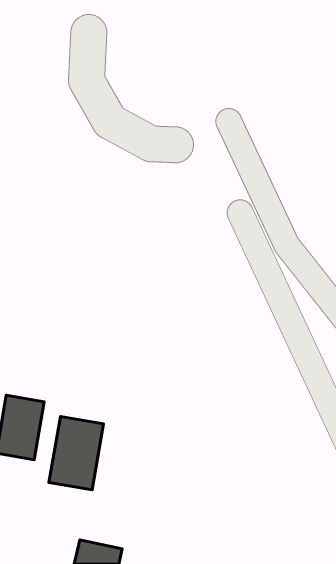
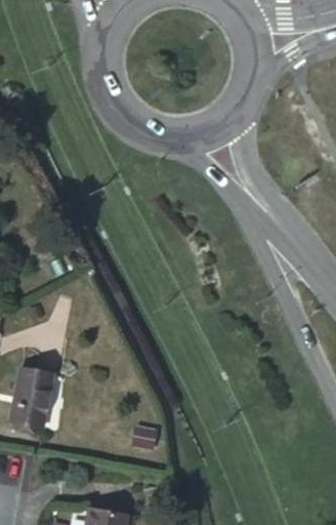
building: [49,416,104,490] -> none

